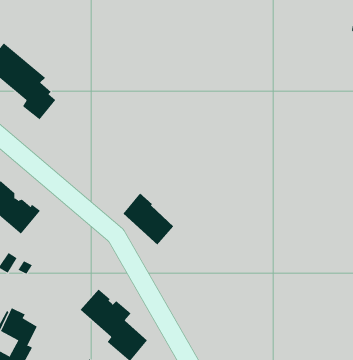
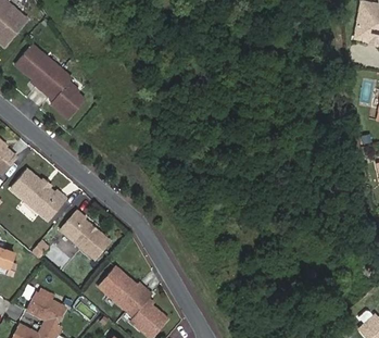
building: [122,192,174,245] -> [61,211,109,260]

